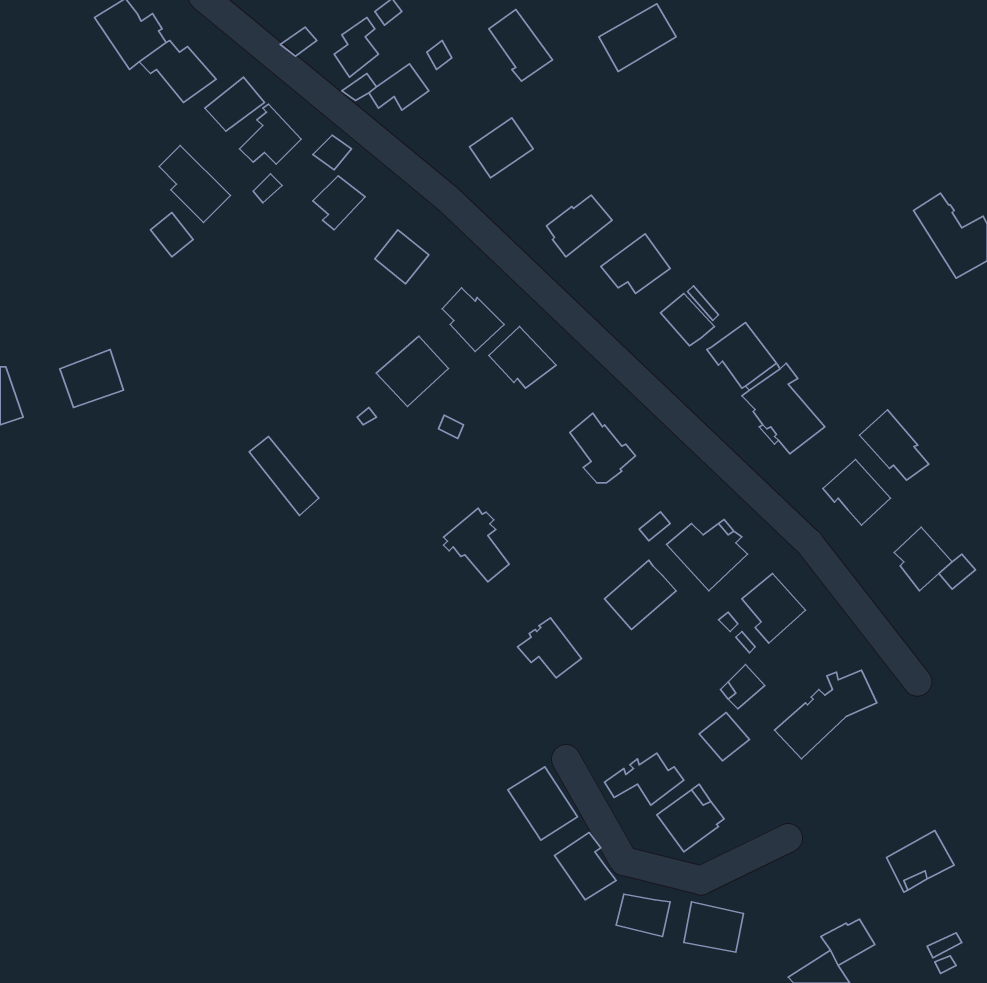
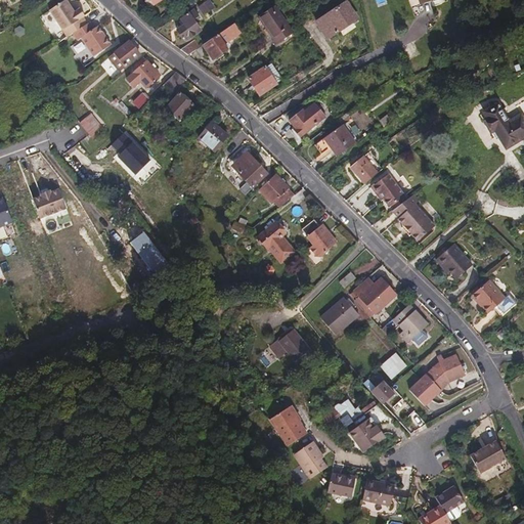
building: [159,145,231,223] -> [112,133,149,174]
building: [376,336,448,406] -> none
building: [859,410,929,480] -> none
building: [444,508,509,582] -> [258,221,293,260]

